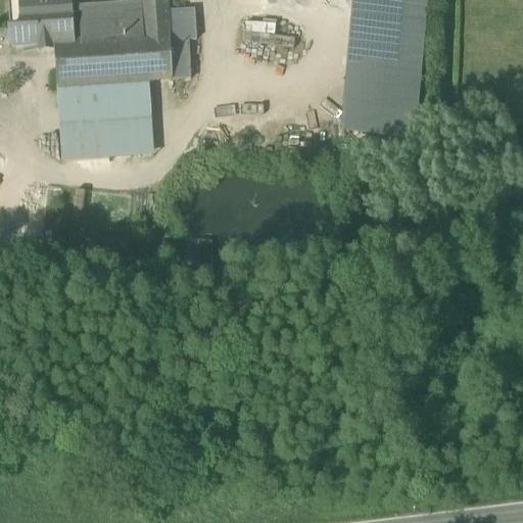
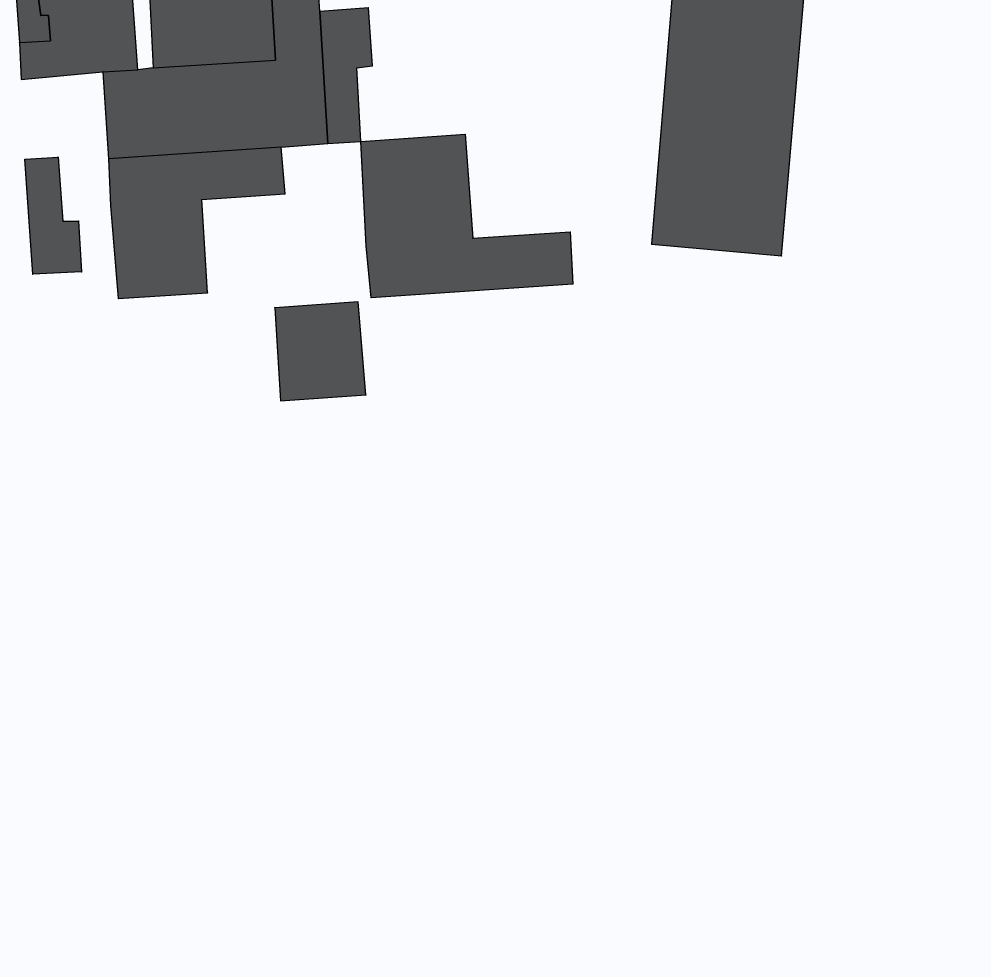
building: none -> [361,134,573,298]
building: none -> [25,157,82,274]
building: [106,102,154,154] -> [275,302,366,401]

